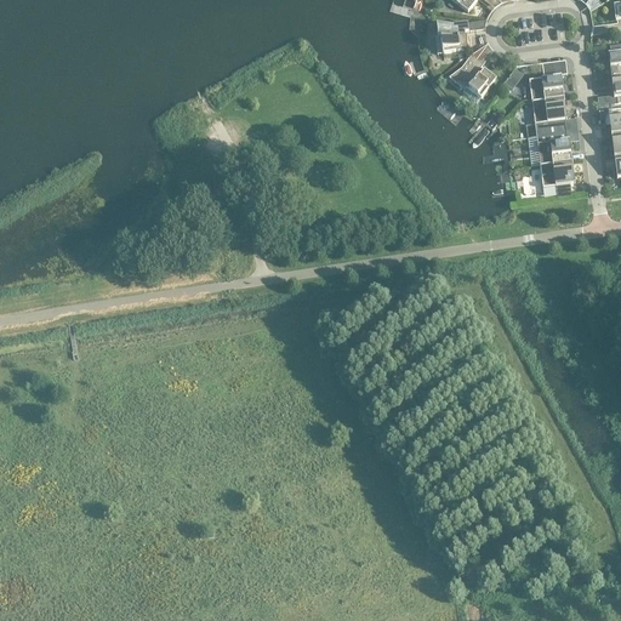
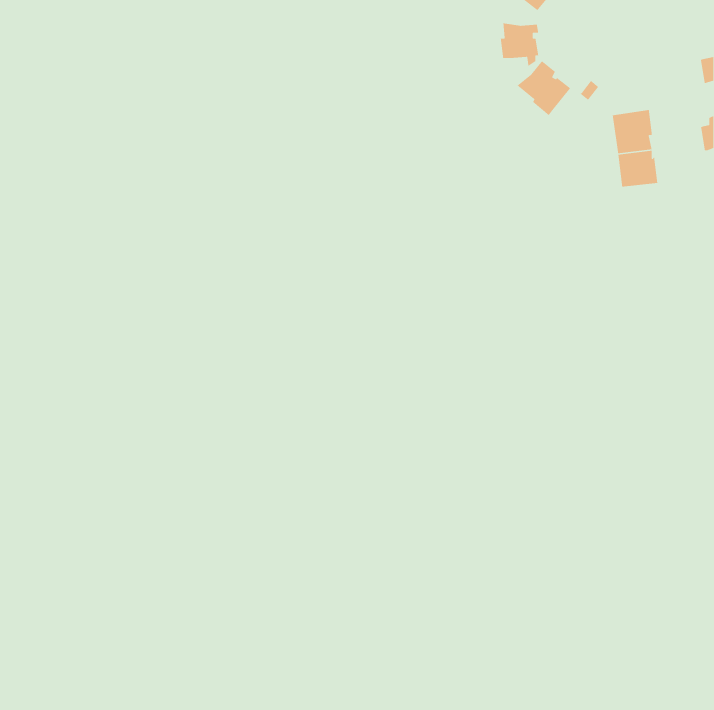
building: [528,73,563,99] -> none
building: [539,159,574,184] -> none

